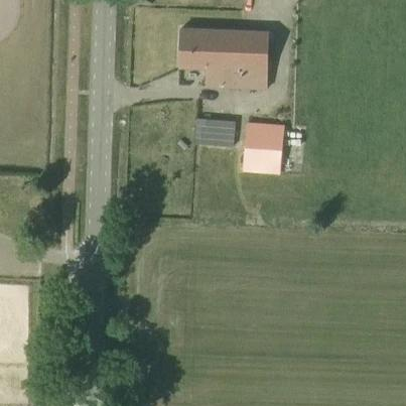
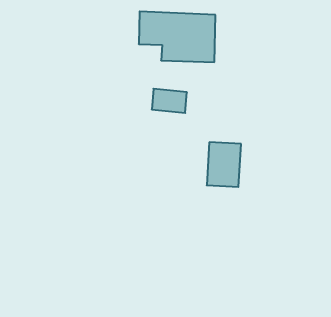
building: [243,121,283,173] -> [207,142,241,187]

